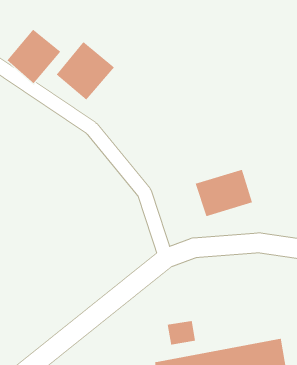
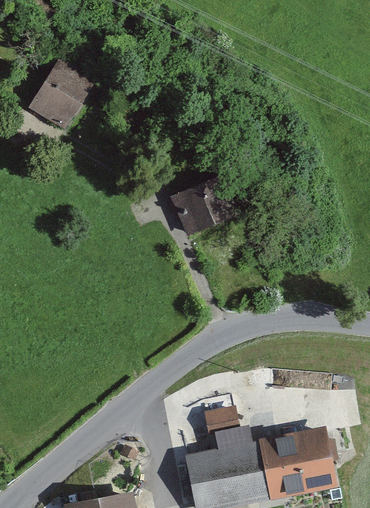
building: [56,41,115,100] -> none
building: [195,169,253,217] -> [165,178,233,234]

